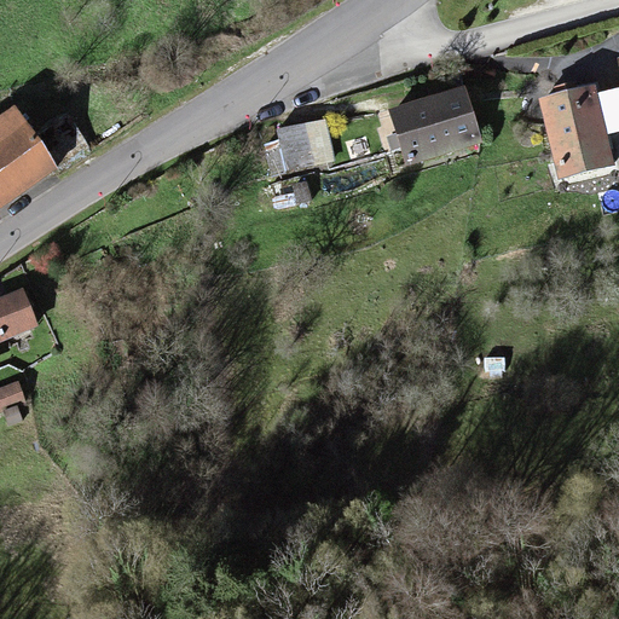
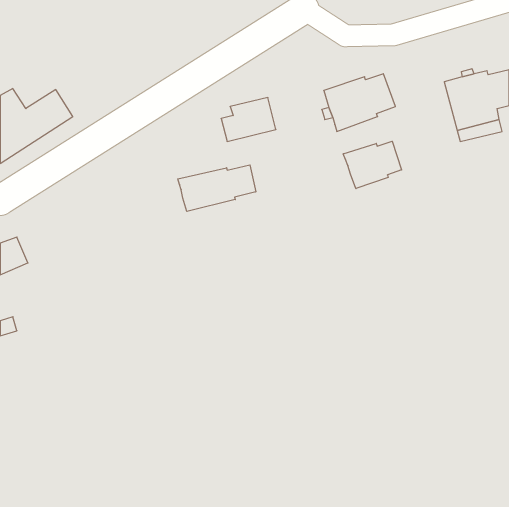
building: none -> [343,141,402,189]
building: none -> [178,165,256,211]

